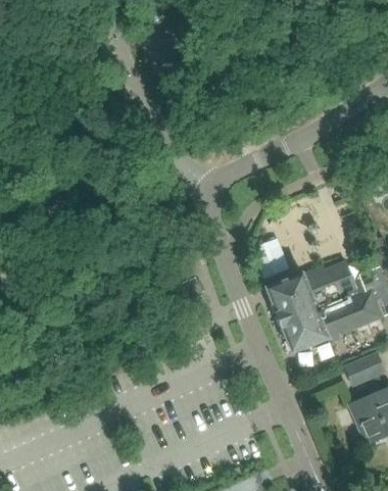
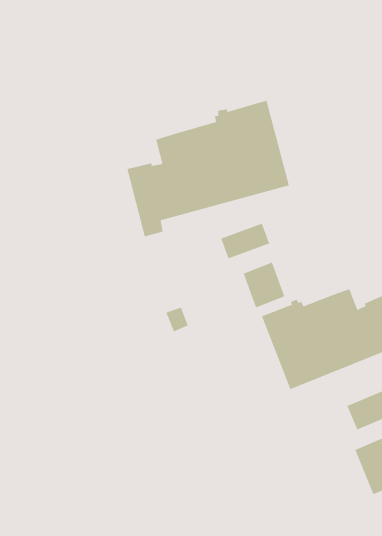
building: none -> [127,100,289,237]
building: none -> [221,223,270,259]

